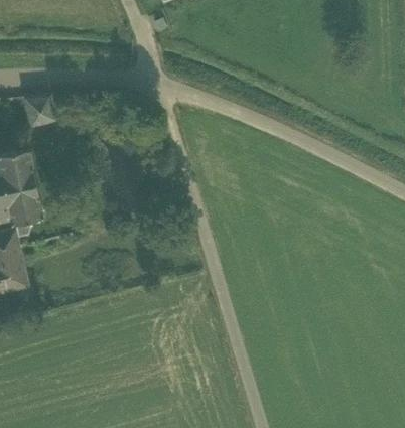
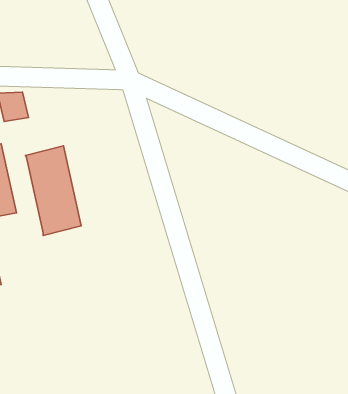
building: none -> [26,146,81,236]

